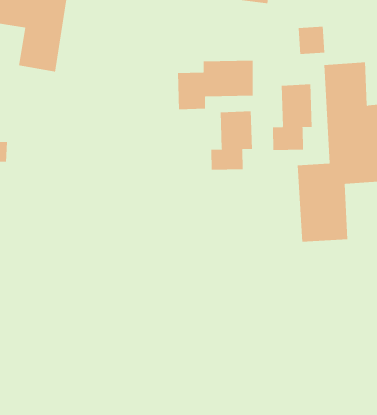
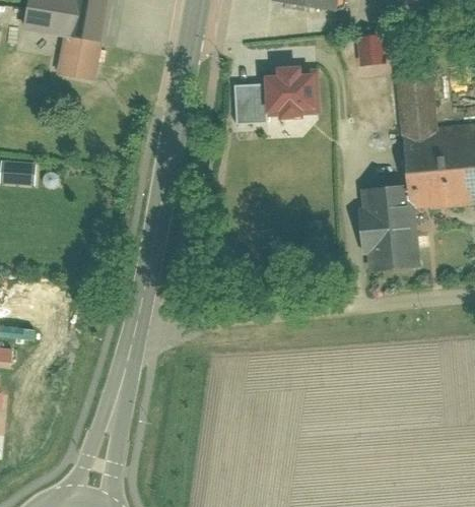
building: [272,84,312,151] -> none
building: [211,111,252,171] -> none

